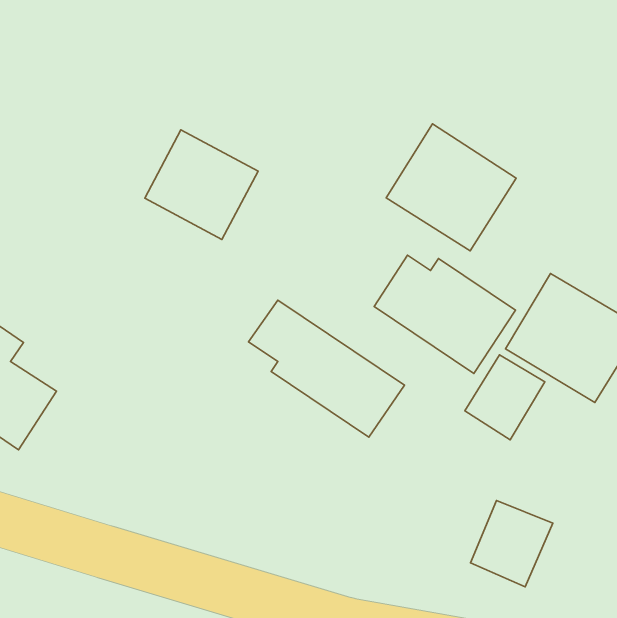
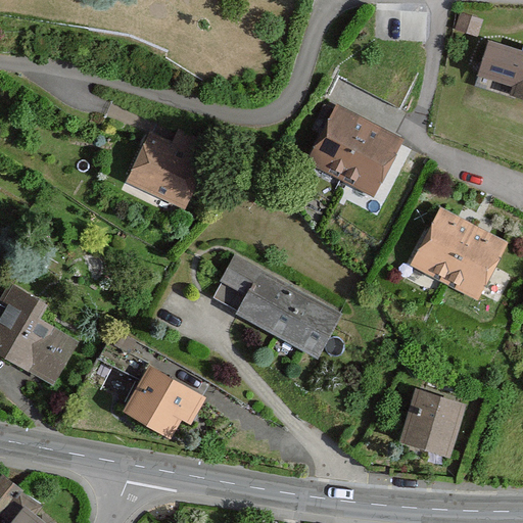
building: [374,255,515,373] -> none
building: [465,355,545,440] -> none
building: none -> [124,363,199,429]

